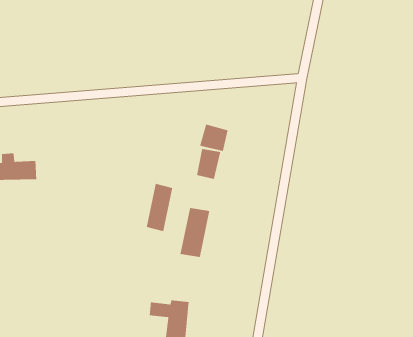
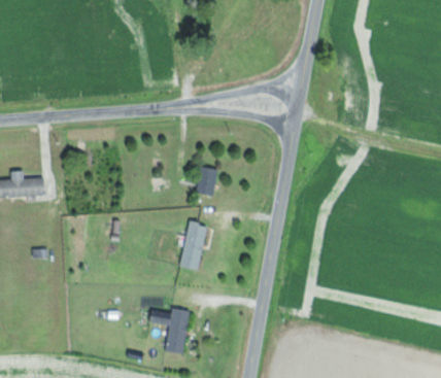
building: [199,123,229,152] -> none
building: [146,183,173,232] -> none

